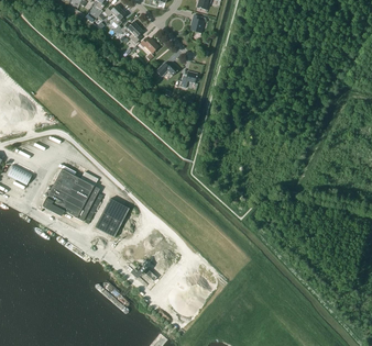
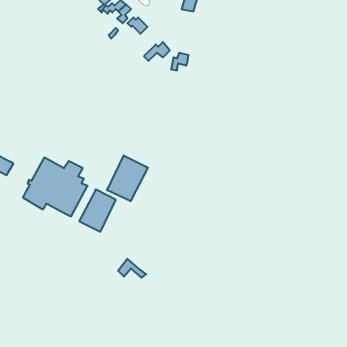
building: none -> [107,155,148,201]

